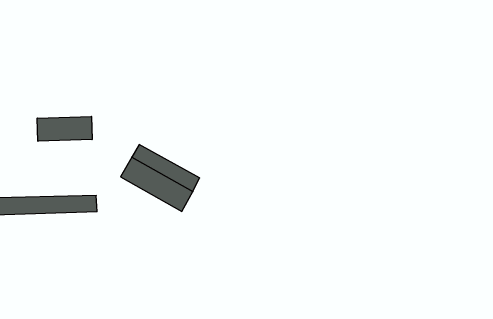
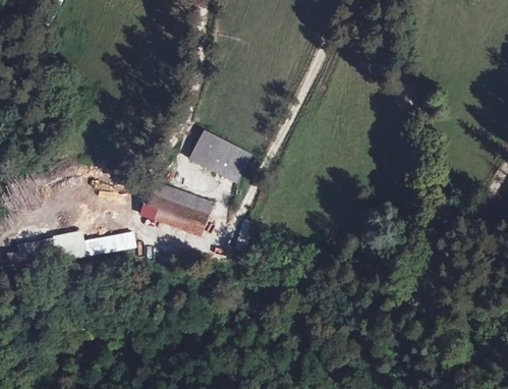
building: none -> [187,129,252,183]
building: [37,116,92,141] -> none

